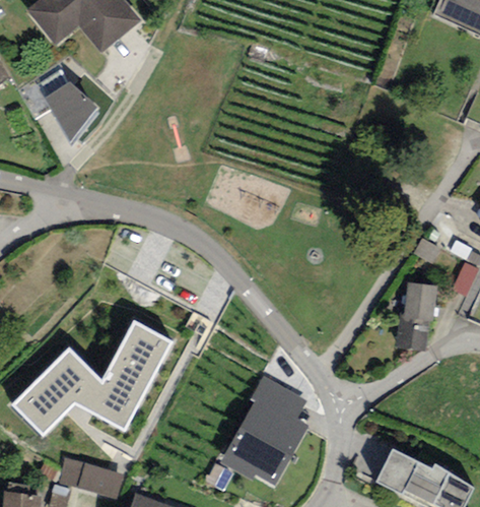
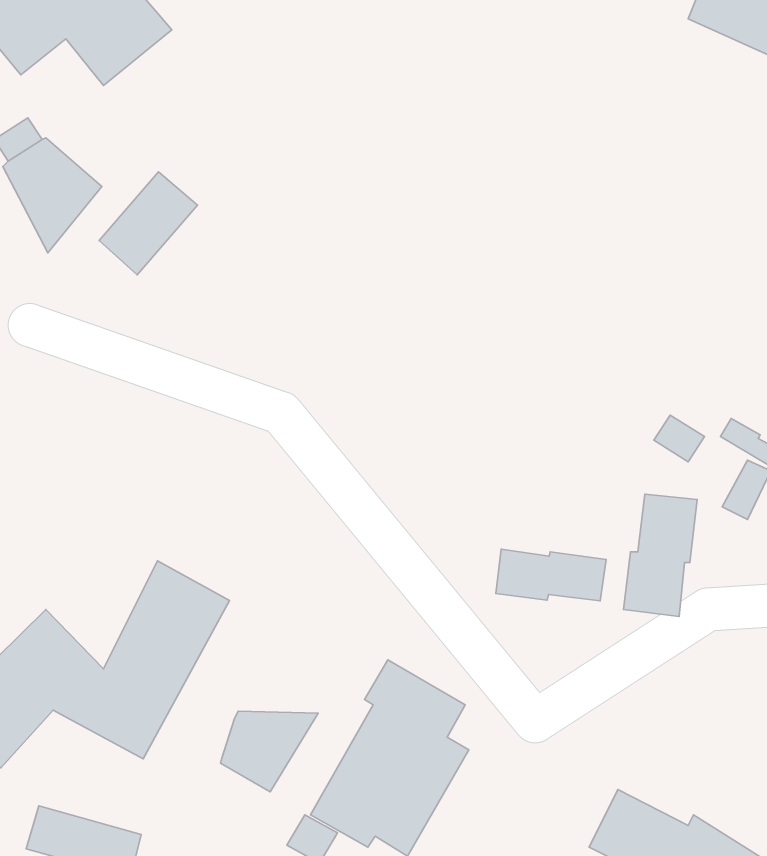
building: none -> [99,172,198,275]
building: none -> [496,549,606,601]
building: none -> [221,711,318,792]

